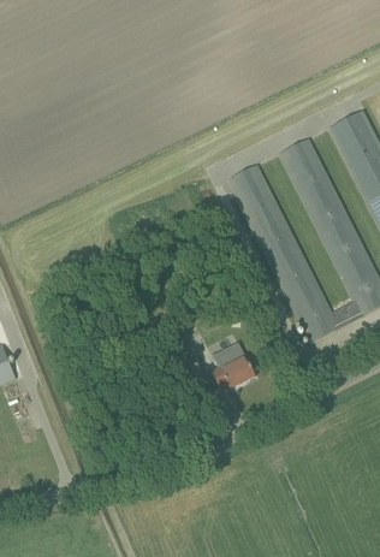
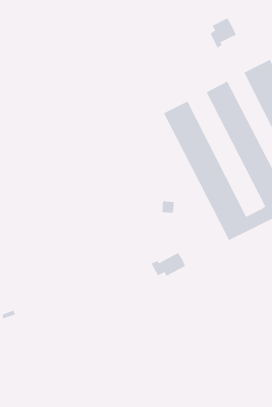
building: none -> [210,17,237,49]

